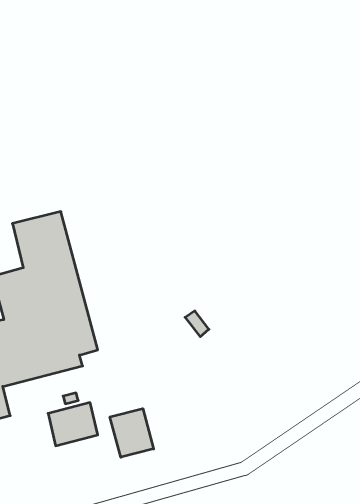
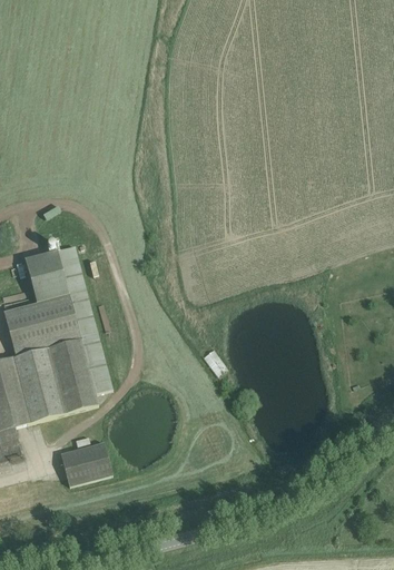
building: [110,409,154,457] -> none

